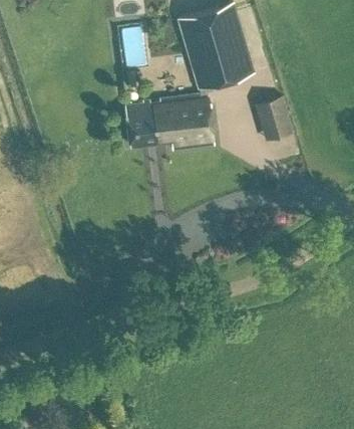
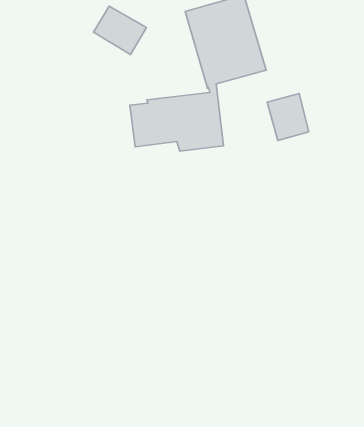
building: none -> [93,6,146,54]

